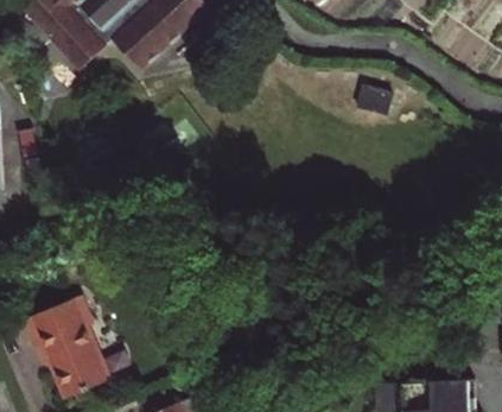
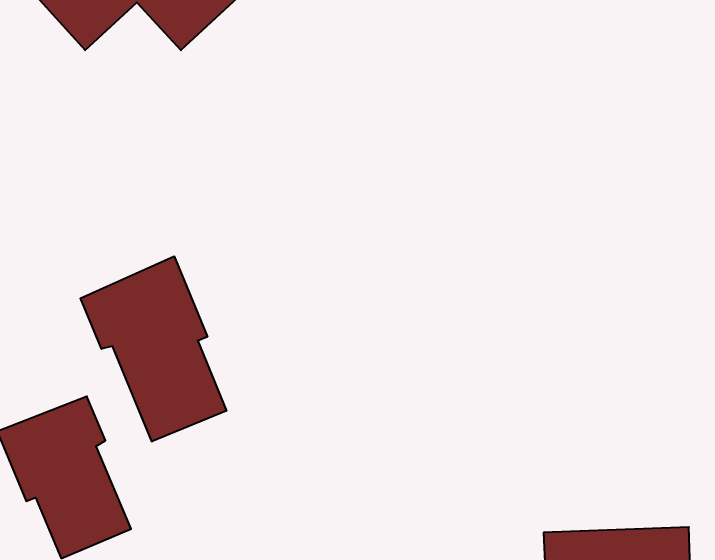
building: none -> [80,256,226,442]

